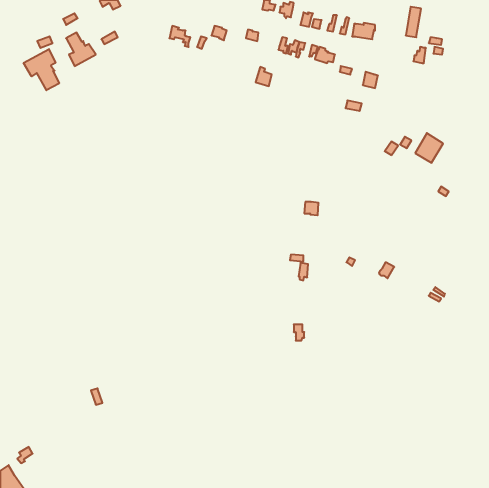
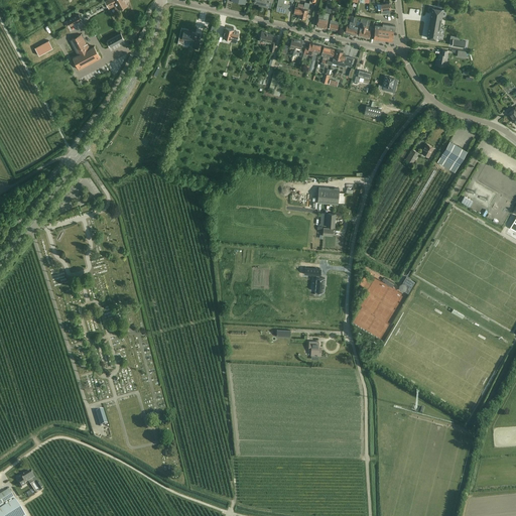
building: [24,49,59,90] -> none
building: none -> [317,188,345,205]

